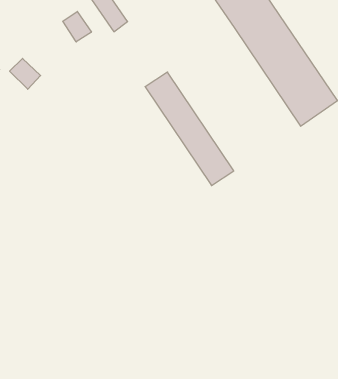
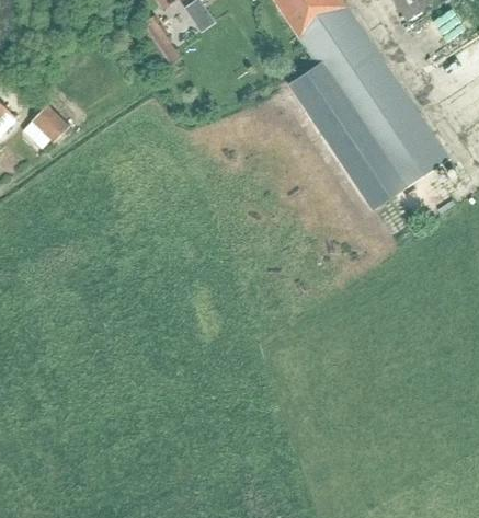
building: [63,11,91,42] -> none
building: [145,72,234,186] -> [288,64,401,208]

